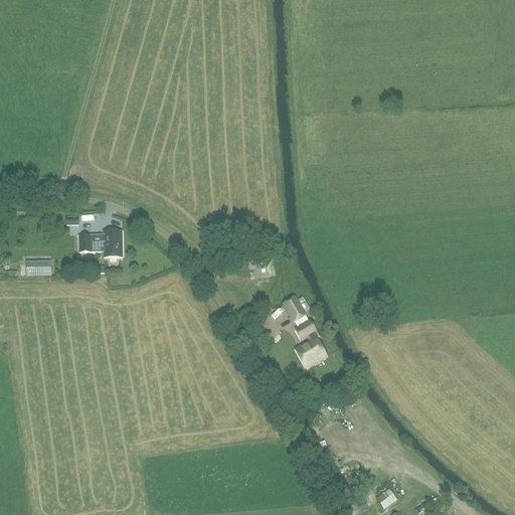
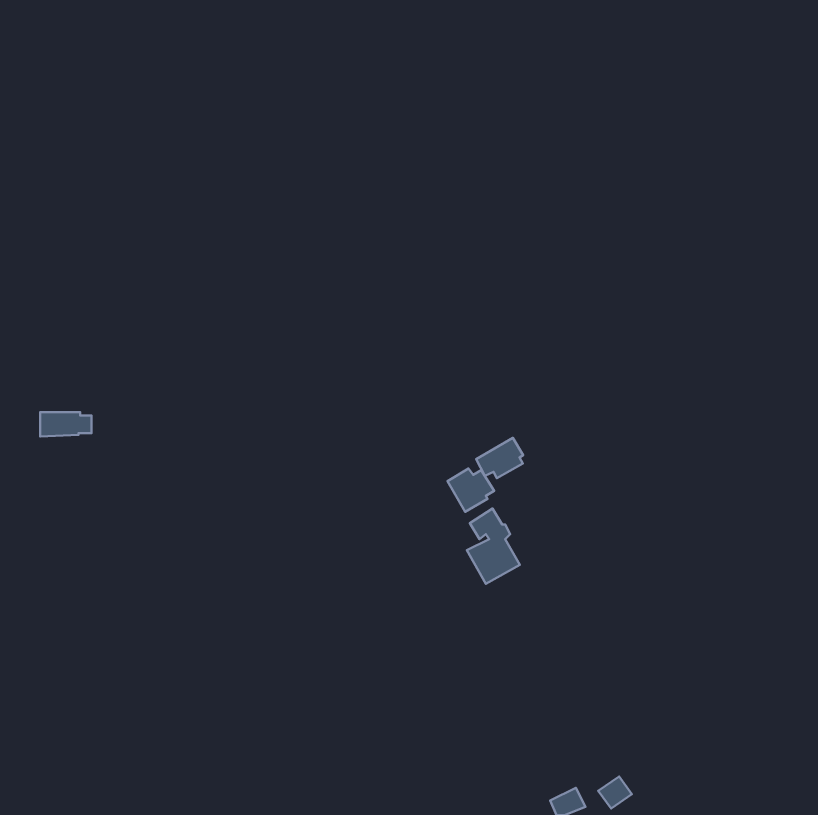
building: [78,229,121,255] -> none
building: none -> [476,438,523,478]

